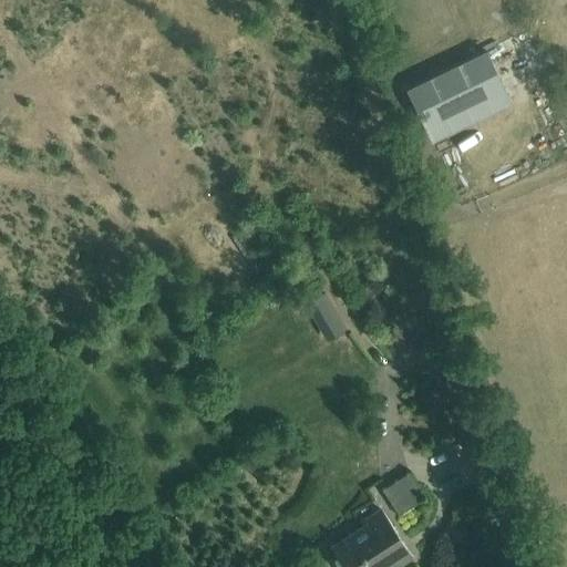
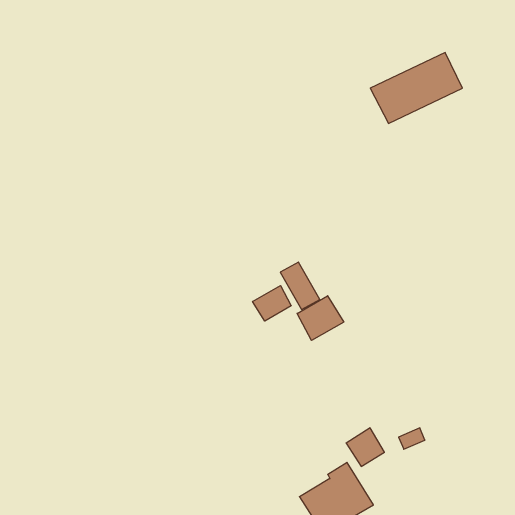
building: none -> [253,286,291,321]
building: none -> [297,296,344,340]

